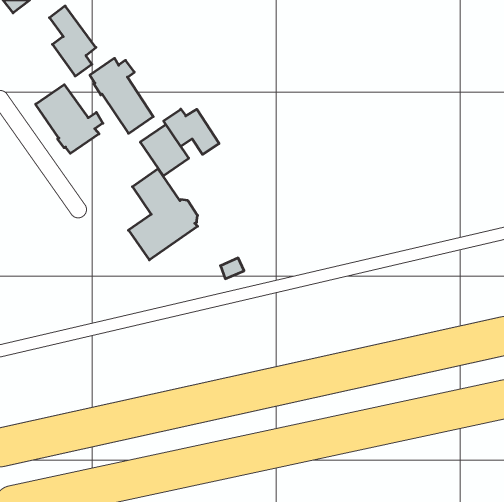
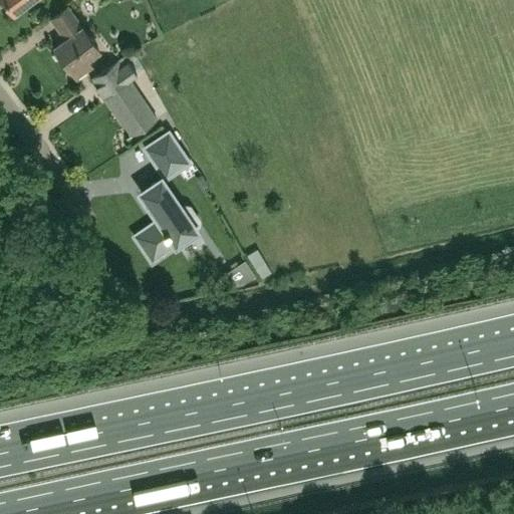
building: [36,85,103,153] -> none
building: [164,109,219,154] -> none

